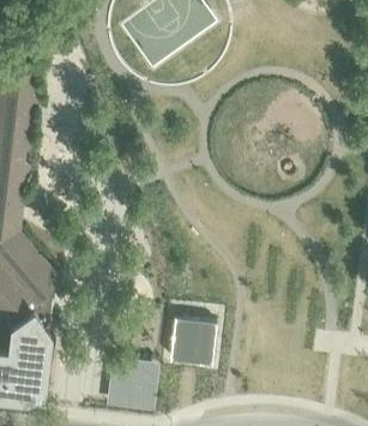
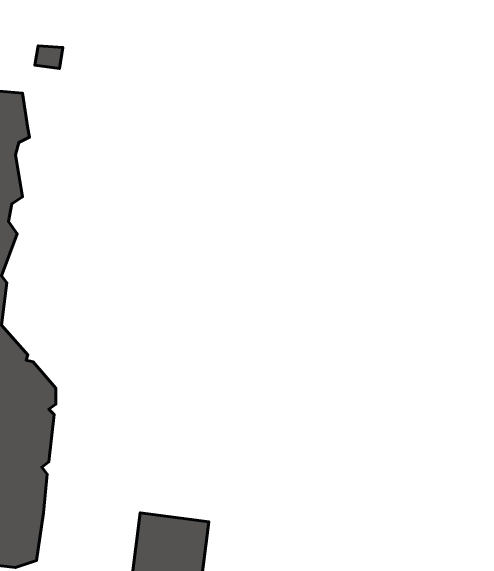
building: [170,319,216,366] -> none

